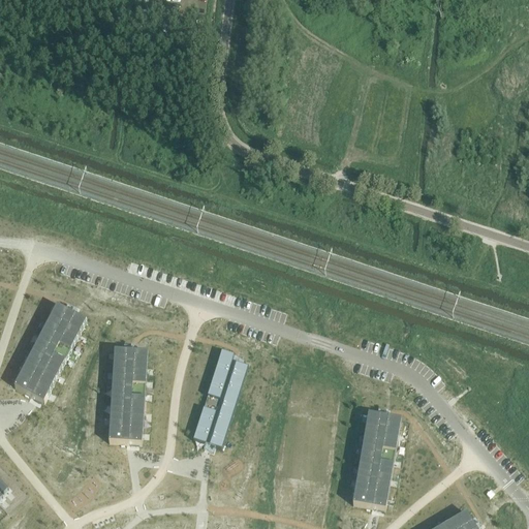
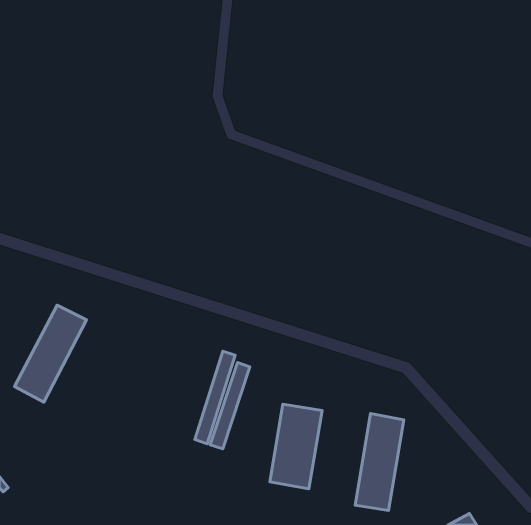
building: [108,347,148,440] -> none
building: none -> [270,404,322,489]

